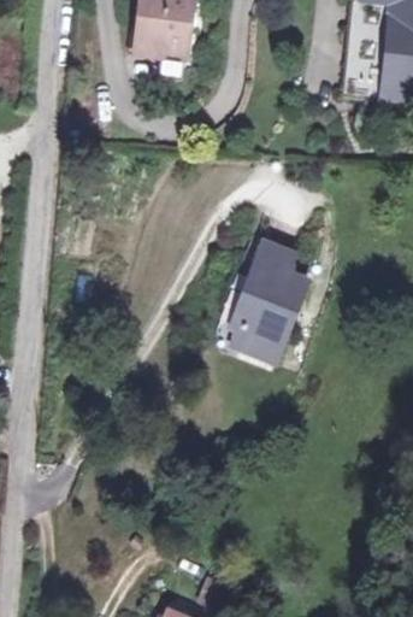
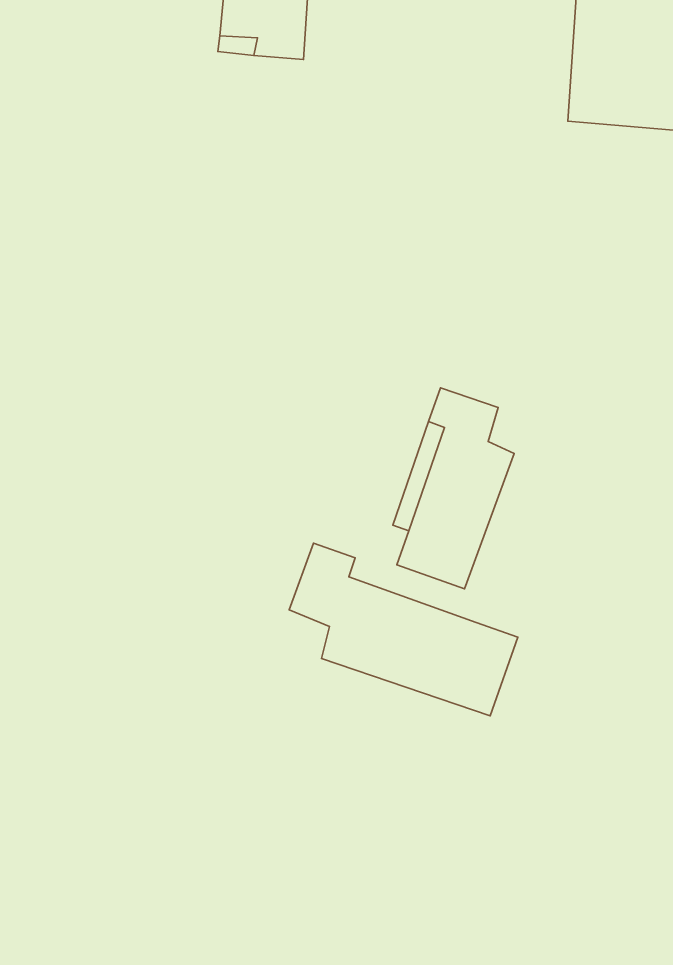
building: none -> [289,543,518,716]

